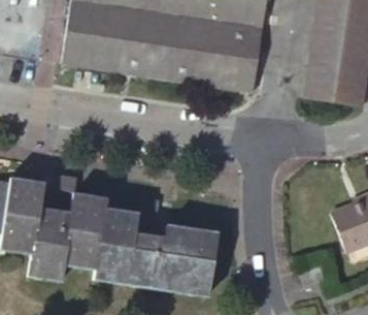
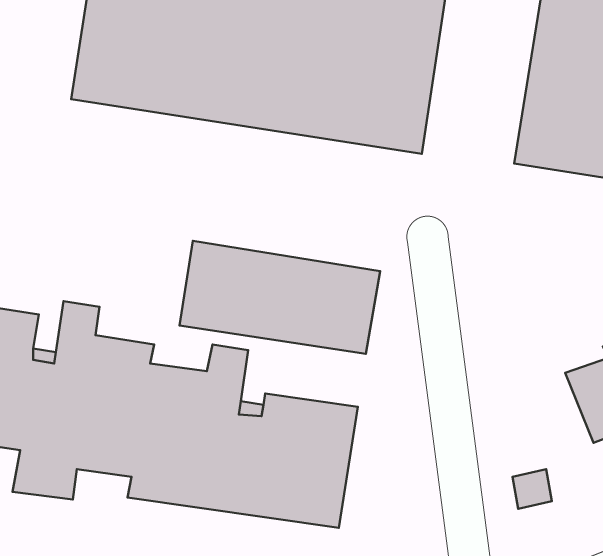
building: none -> [180,241,380,354]

